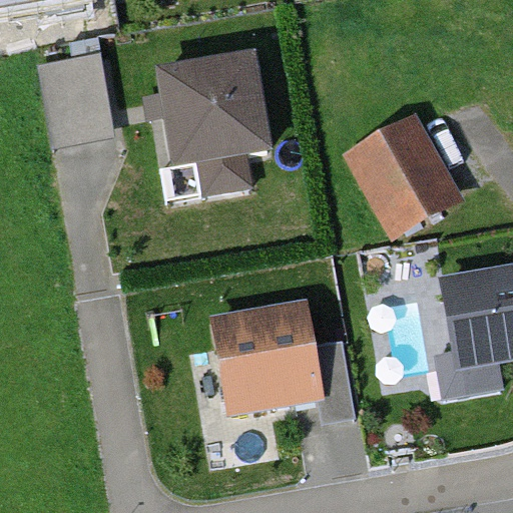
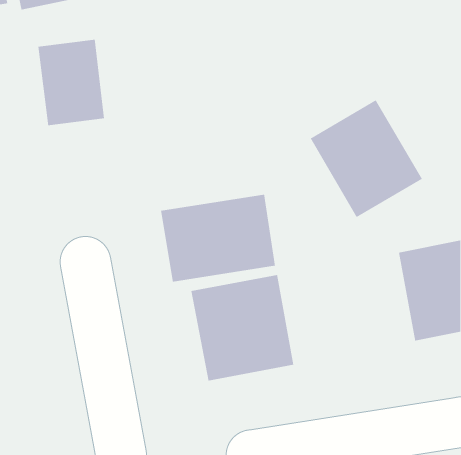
building: [155,56,272,173] -> none
building: none -> [160,194,276,282]

